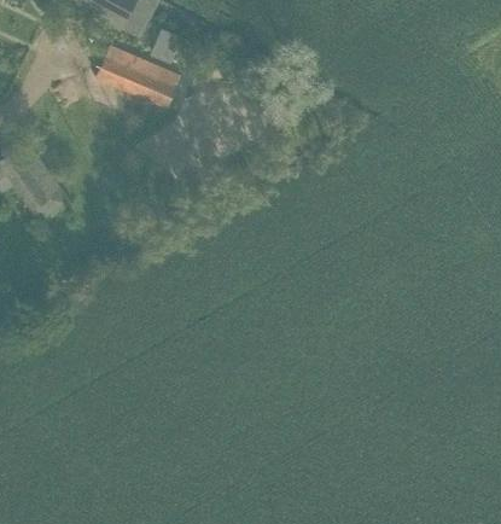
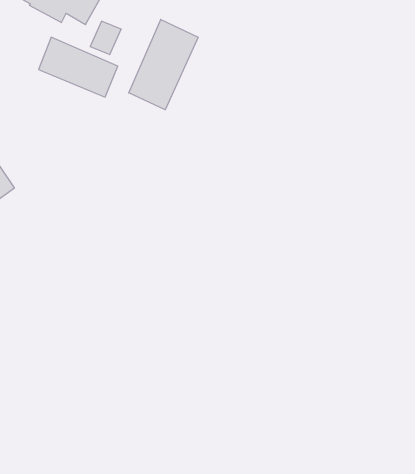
building: none -> [129,19,198,110]

